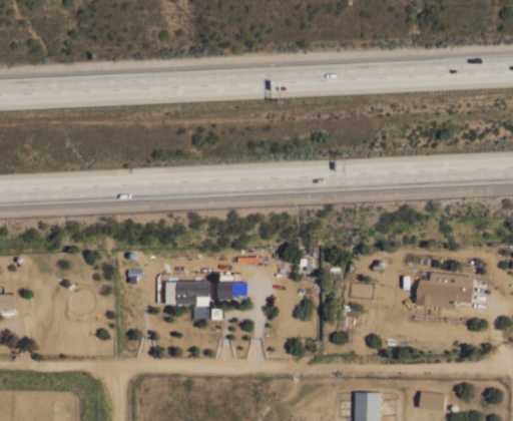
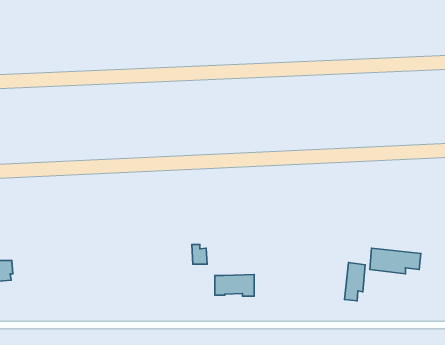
building: [165,281,209,305] -> [215,275,254,296]
building: none -> [344,263,365,301]

